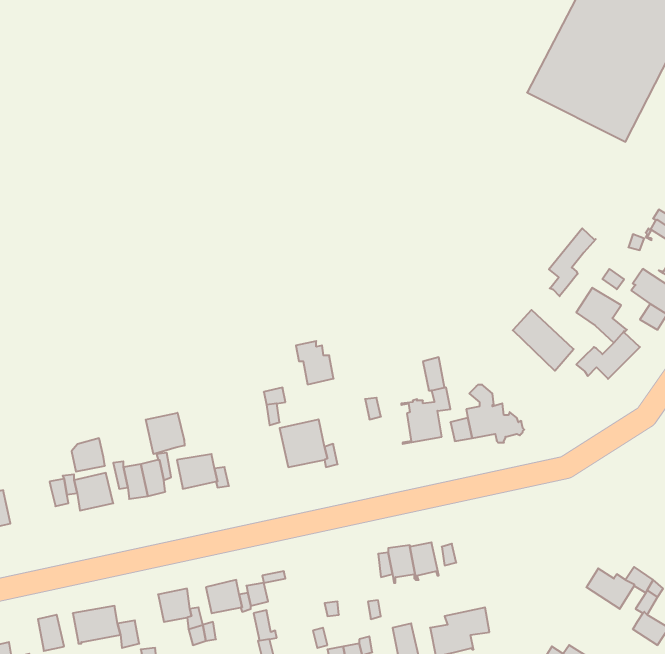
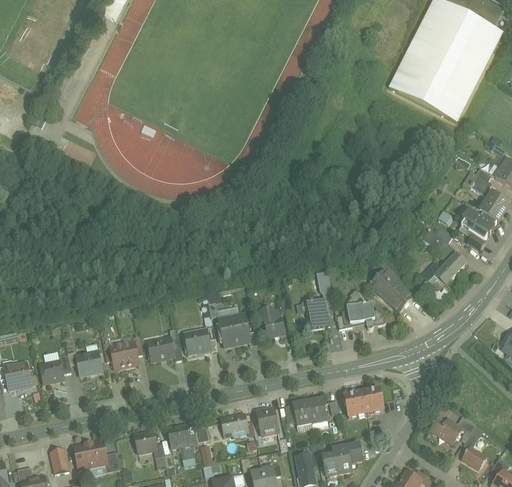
building: [549,228,596,296] -> none
building: [513,310,574,371] -> [370,270,412,312]
building: [296,341,334,384] -> [258,307,284,337]
building: [146,413,185,454] -> none
building: [72,438,105,472] -> [40,360,63,383]
building: none -> [183,328,211,353]
building: none -> [343,388,382,416]
building: none -> [255,407,277,435]
building: none -> [220,413,248,436]

